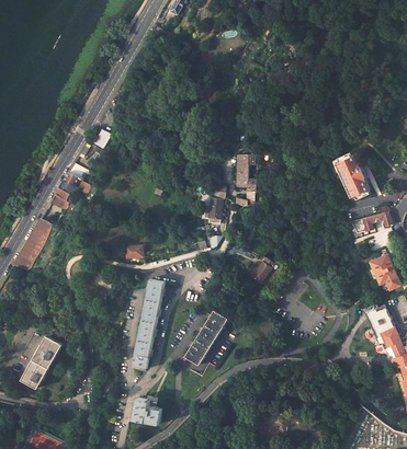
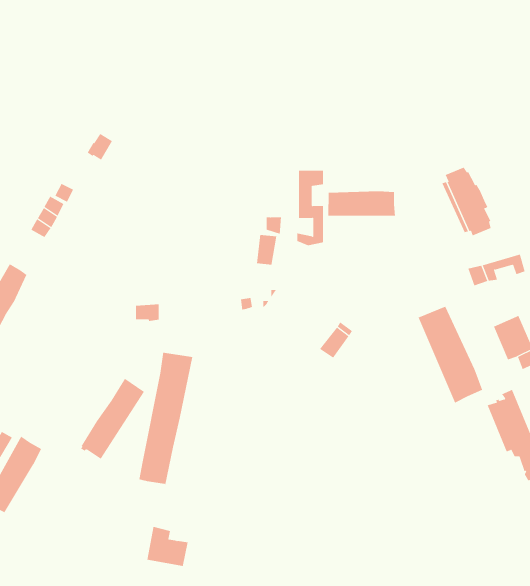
building: none -> [328,191,395,216]
building: none -> [418,306,483,404]
building: [184,309,228,365] -> [80,378,145,460]

